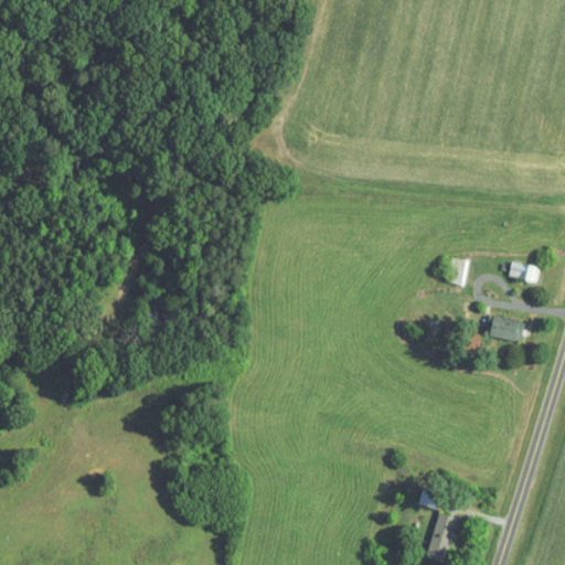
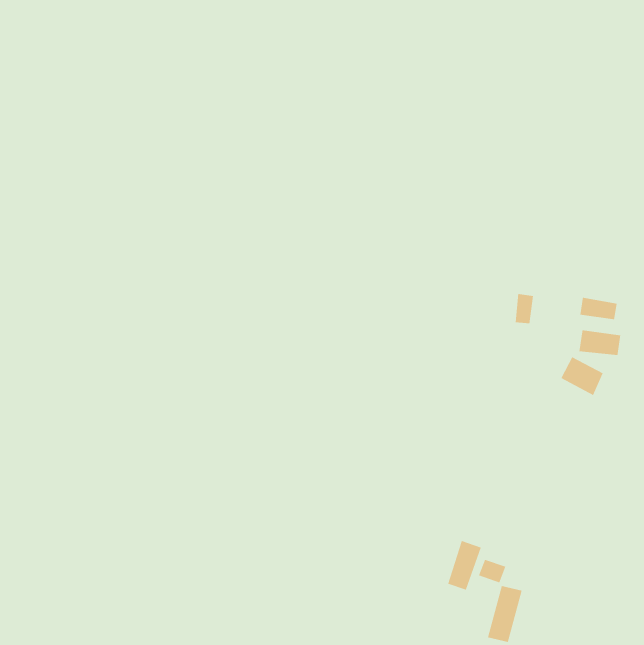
building: none -> [579,329,621,356]
building: none -> [448,540,482,591]

